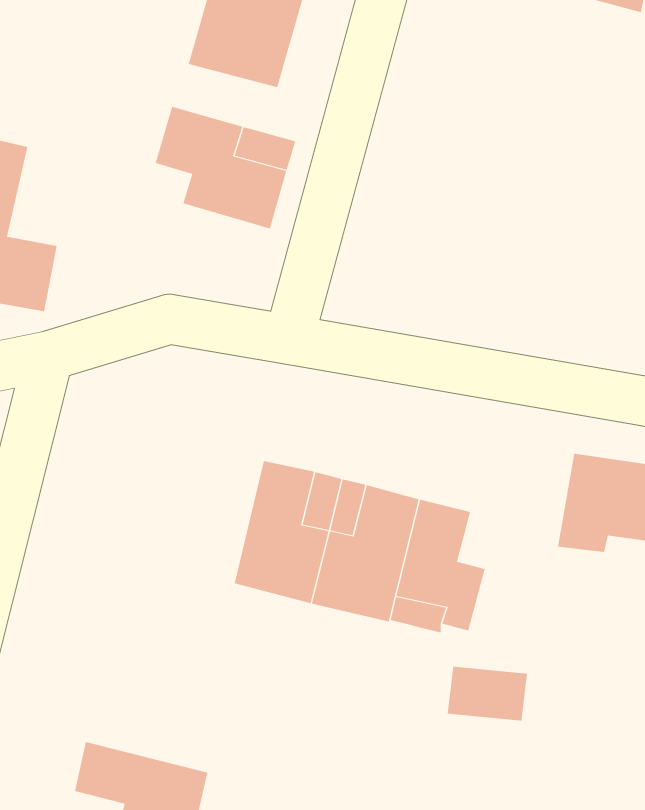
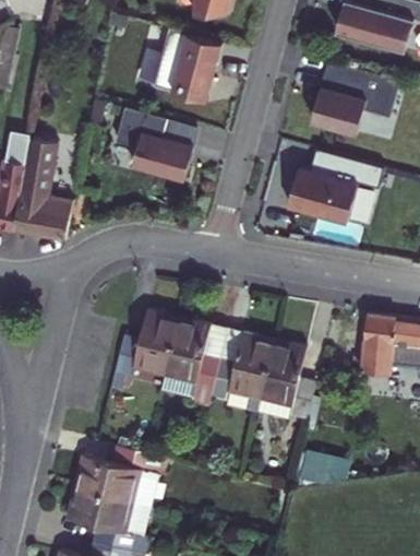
building: none -> [299,60,387,133]
building: none -> [290,152,386,226]
building: none -> [116,312,182,391]
building: none -> [76,449,160,507]

